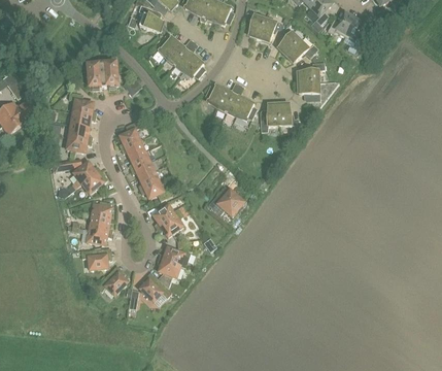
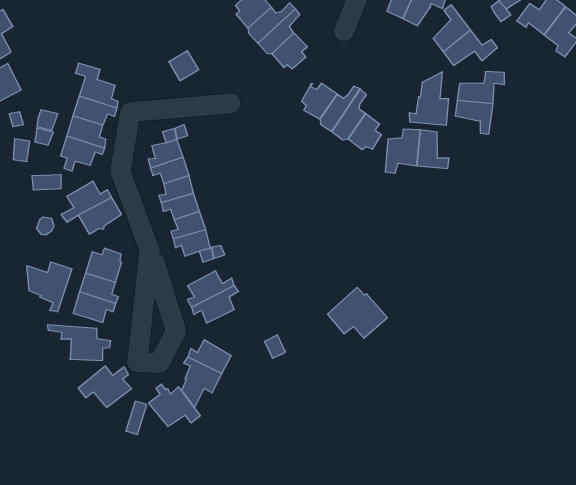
building: [87,61,118,87] -> none
building: none -> [410,72,449,125]
building: [208,186,244,215] -> [327,287,387,338]
building: none -> [27,262,72,312]

